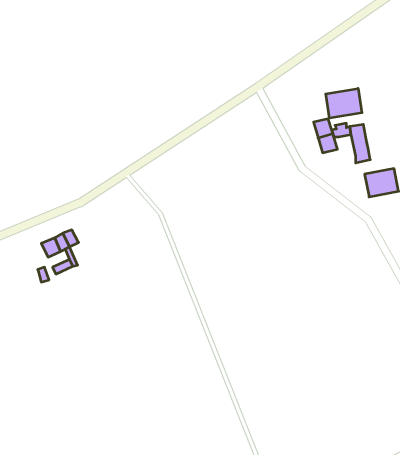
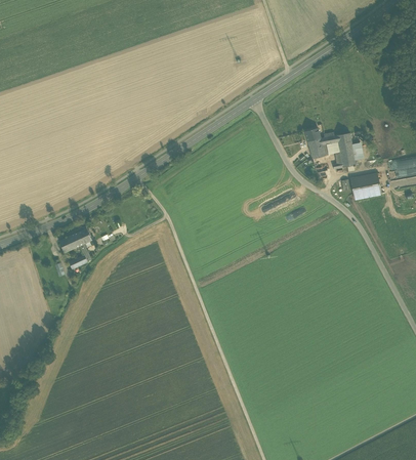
building: [326,88,362,118] -> none

